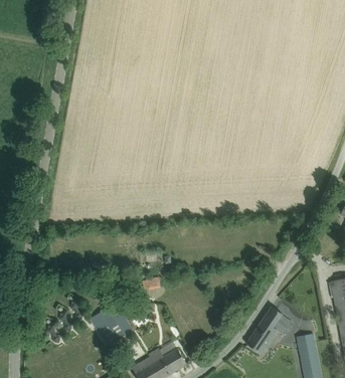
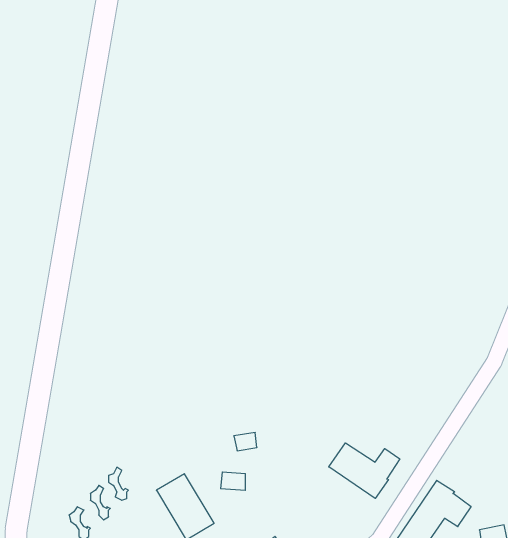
building: none -> [329,443,400,498]

